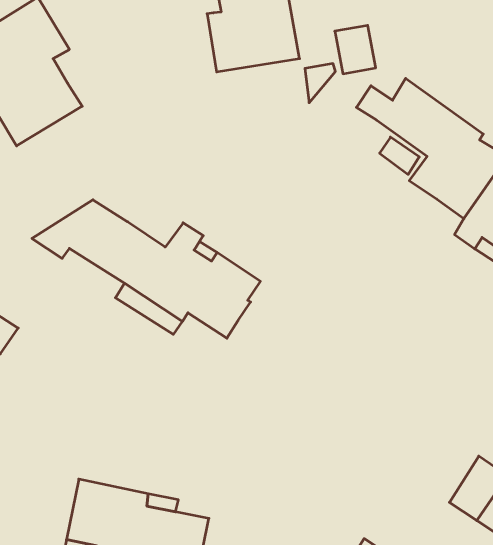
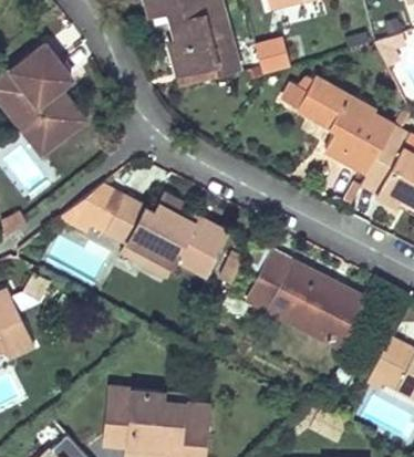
building: none -> [248,251,362,345]

